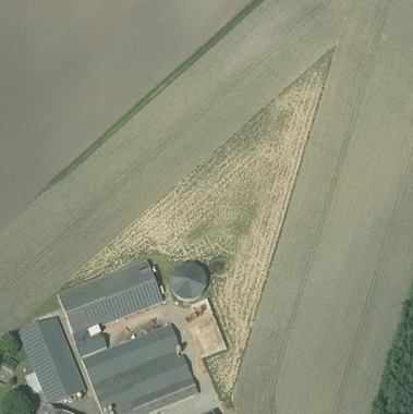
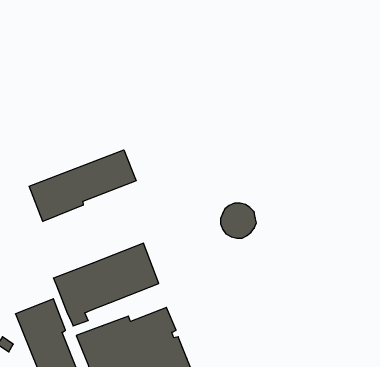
building: none -> [29,150,136,221]
building: [170,264,206,299] -> [221,203,256,238]

